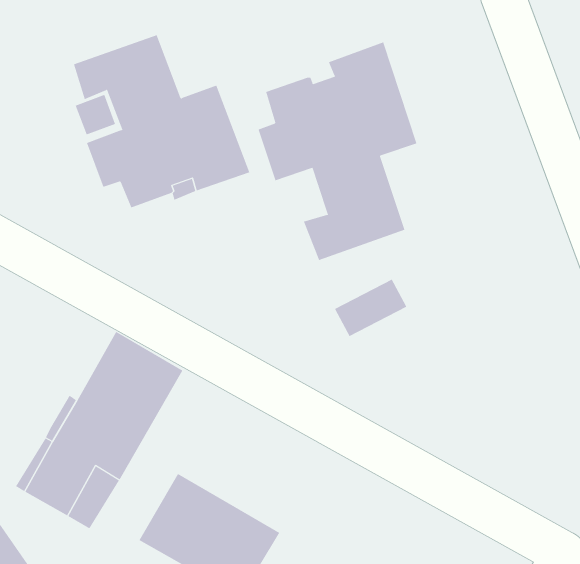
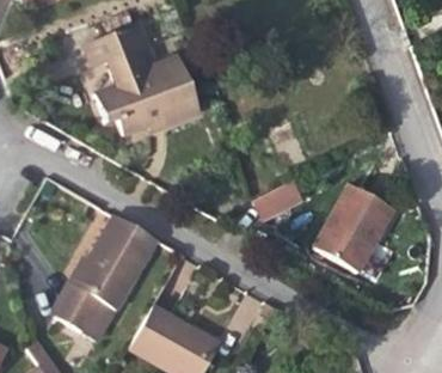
building: [258,41,417,261] -> none
building: none -> [314,183,394,270]

